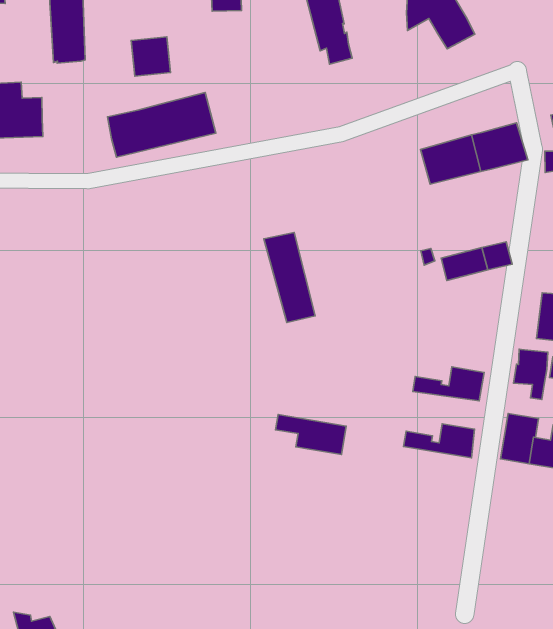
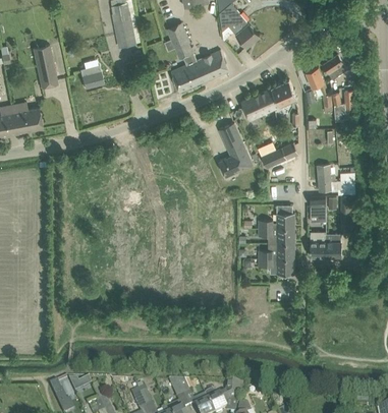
building: [108,92,216,157] -> [170,48,228,90]
building: [264,232,315,323] -> [218,121,252,169]
building: none -> [258,226,293,241]
building: [276,415,346,455] -> [258,256,294,272]

